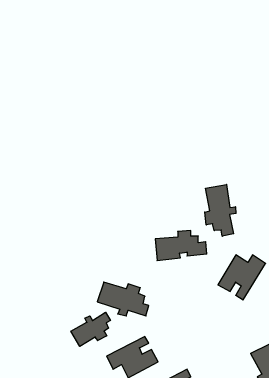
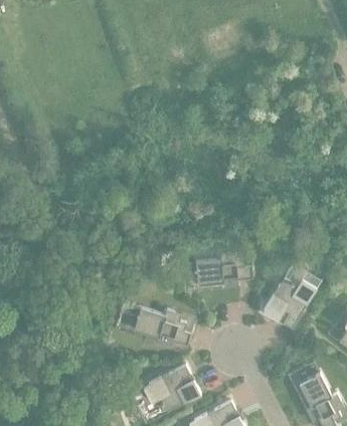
building: [205,184,236,236] -> none
building: [71,312,110,346] -> none

